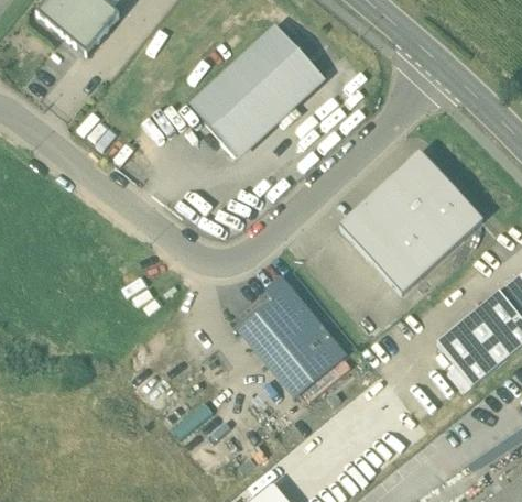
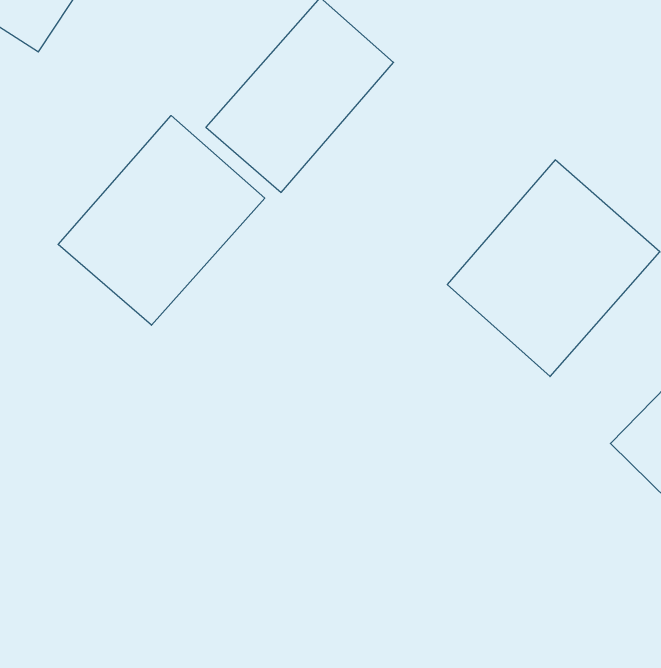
building: none -> [58,116,265,325]
building: [239,287,347,397] -> none

